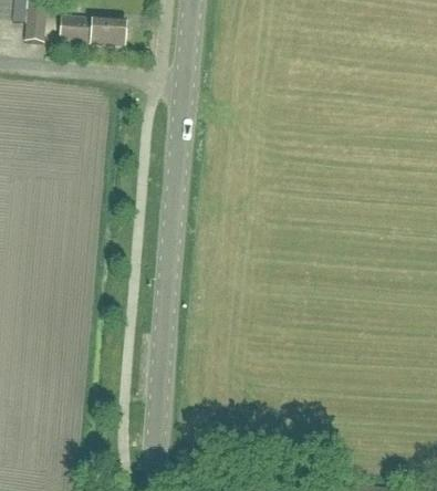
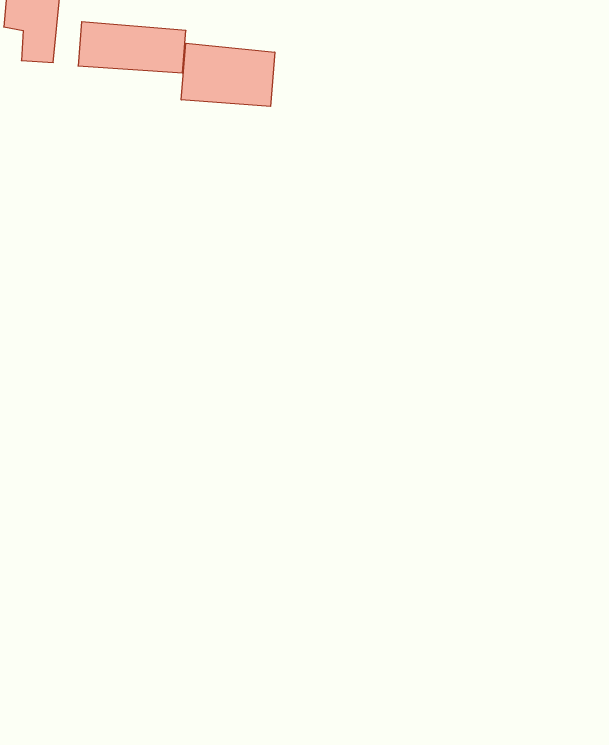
building: none -> [181,43,275,106]

